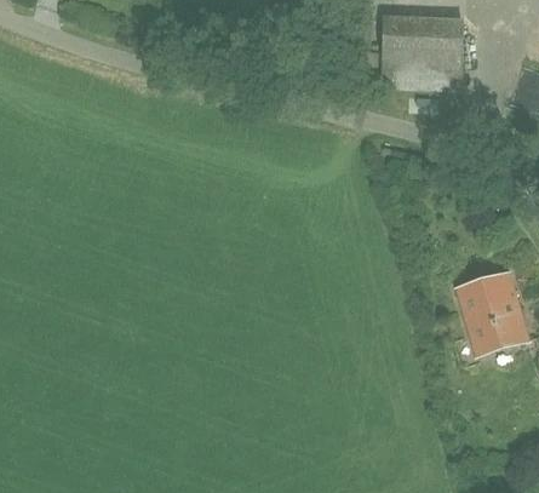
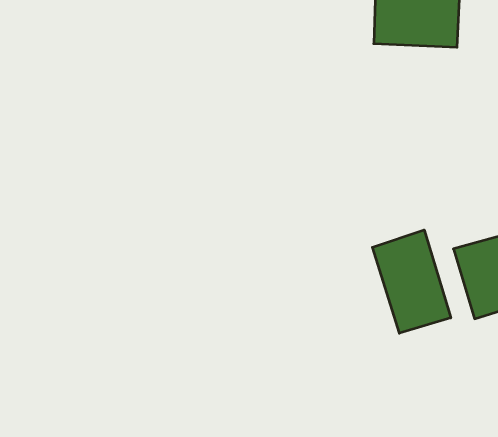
building: none -> [372,230,451,333]

